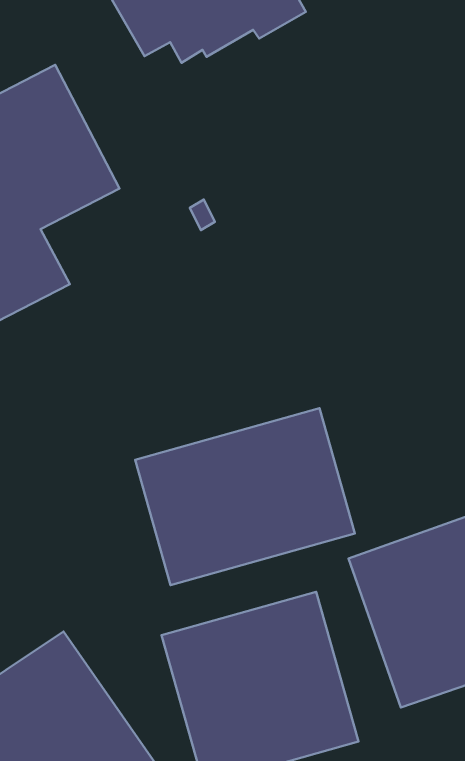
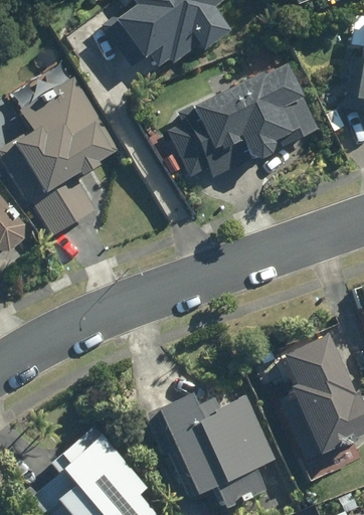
building: none -> [165,63,314,178]
building: [135,408,355,585] -> none

